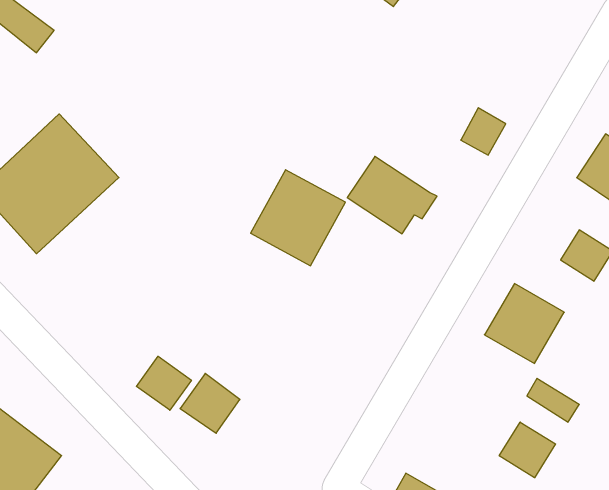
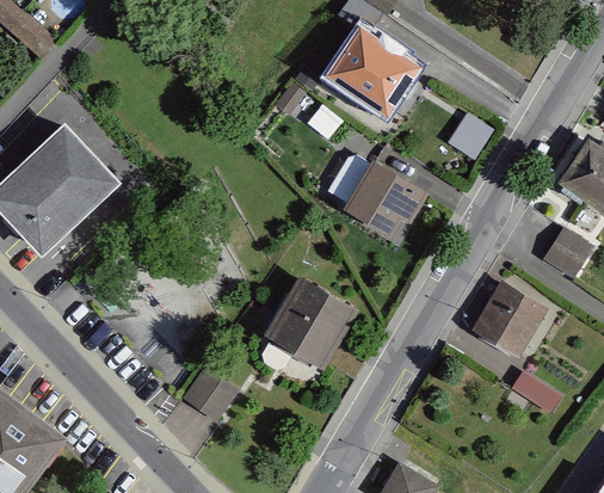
building: none -> [325,24,420,112]
building: [251,170,345,266] -> [263,275,353,366]
building: [136,356,191,410] -> none
building: [499,422,556,478] -> none

